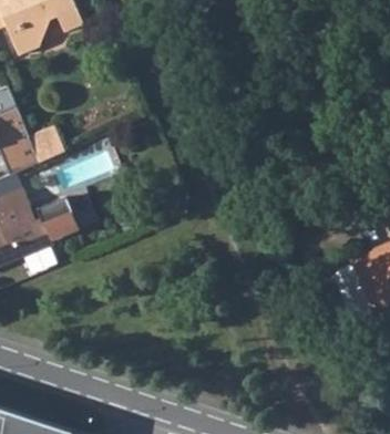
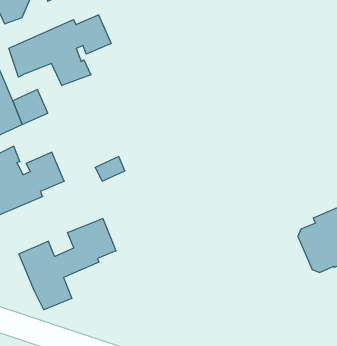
building: none -> [9,15,111,86]
building: none -> [19,218,116,310]

